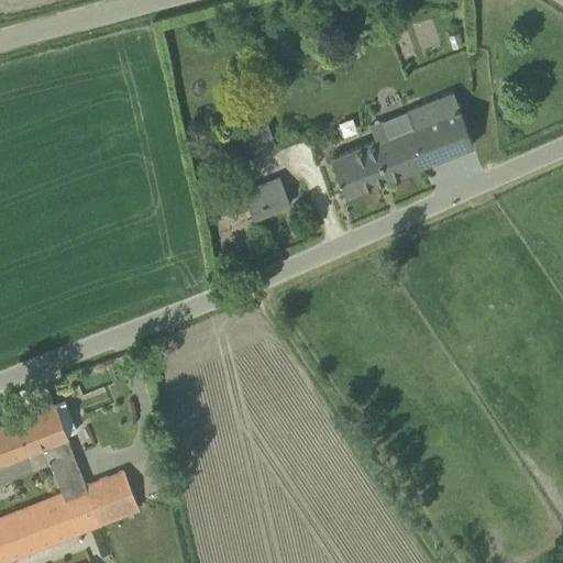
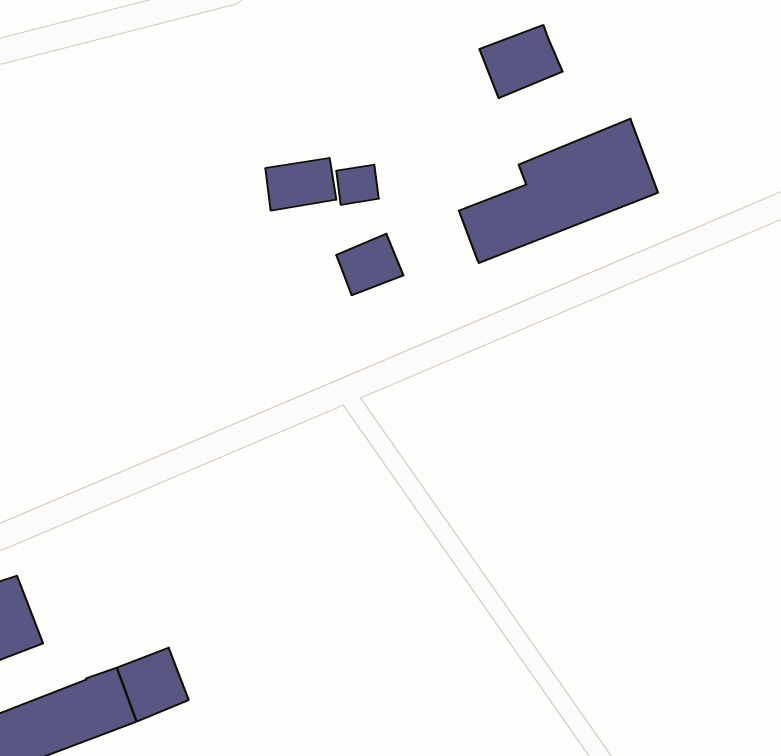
building: none -> [479,25,563,98]
building: none -> [266,158,336,211]
building: [13,406,85,495] -> none

